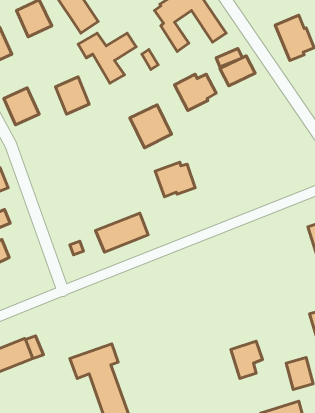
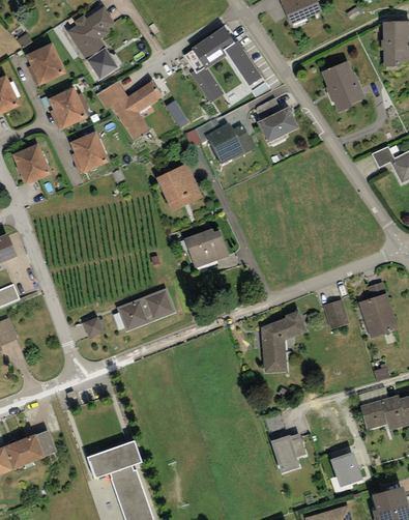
building: none -> [49,88,88,129]
building: none -> [326,300,350,328]
building: none -> [260,311,306,372]

